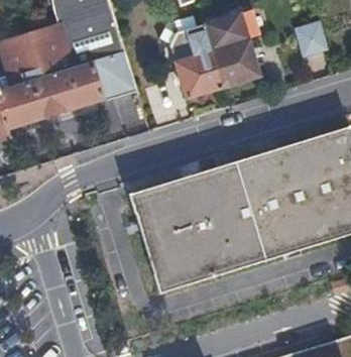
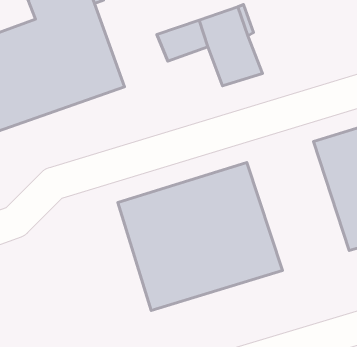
building: [294,21,327,57] -> none
building: [174,52,224,100] -> none
building: [246,138,339,255] -> none

